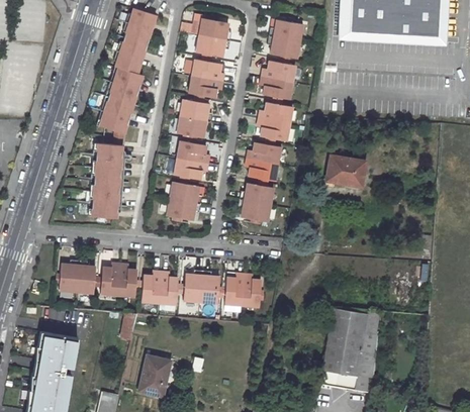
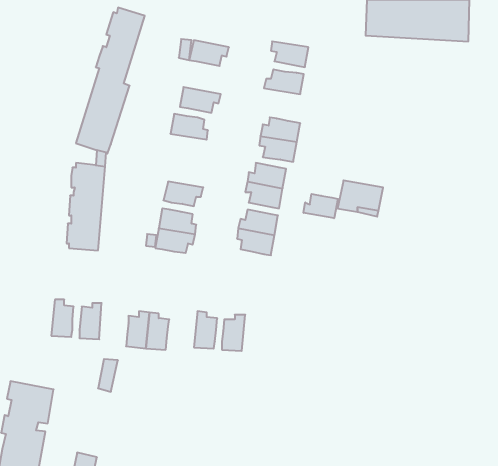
building: [201,19,233,42] -> none
building: [269,21,303,42] -> none
building: [192,60,225,83] -> none
building: [261,78,293,100] -> none
building: [178,117,212,138] -> none
building: [179,141,211,164] -> none
building: none -> [304,194,338,218]
building: [61,260,81,292] -> none
building: [119,264,138,296] -> none
building: [184,270,204,302] -> none
building: [243,274,262,307] -> none
building: [319,308,381,393] -> none
building: [134,353,171,398] -> none

